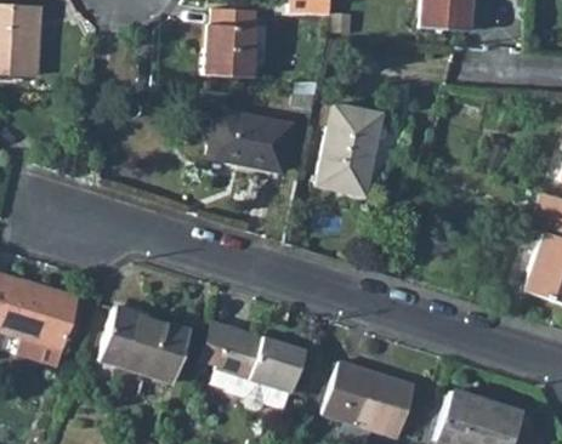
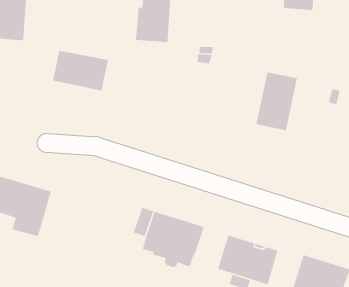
building: [317,106,380,194] -> [255,71,298,131]
building: [208,110,291,172] -> [52,50,109,92]
building: [98,306,191,383] -> none

